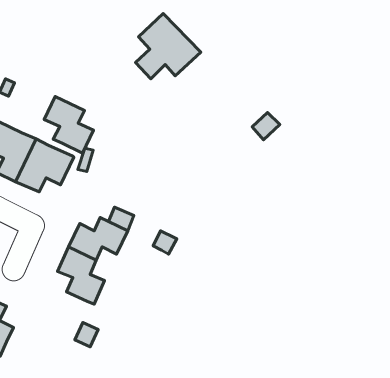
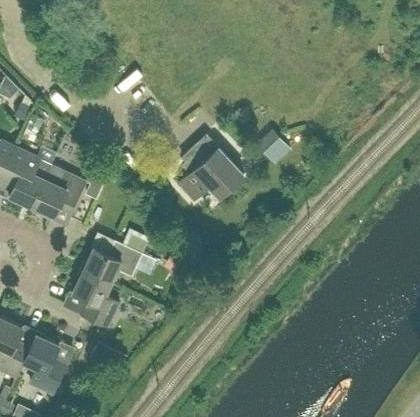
building: [135,14,201,79] -> [179,137,243,201]
building: [44,97,94,153] -> none
building: none -> [22,335,65,394]

